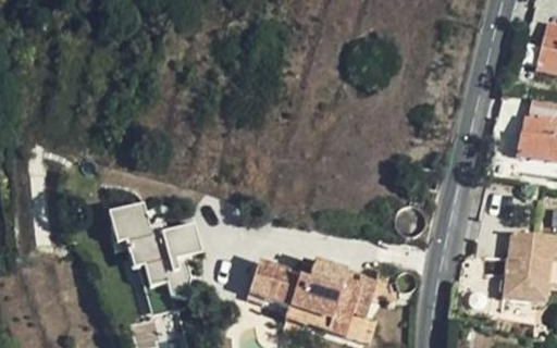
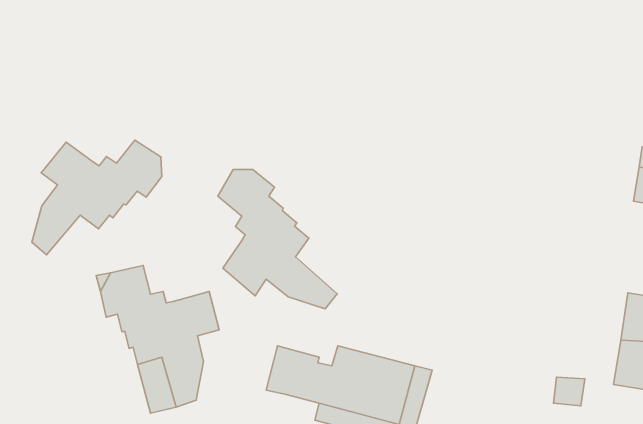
building: none -> [32,140,162,255]
building: none -> [218,169,337,309]

